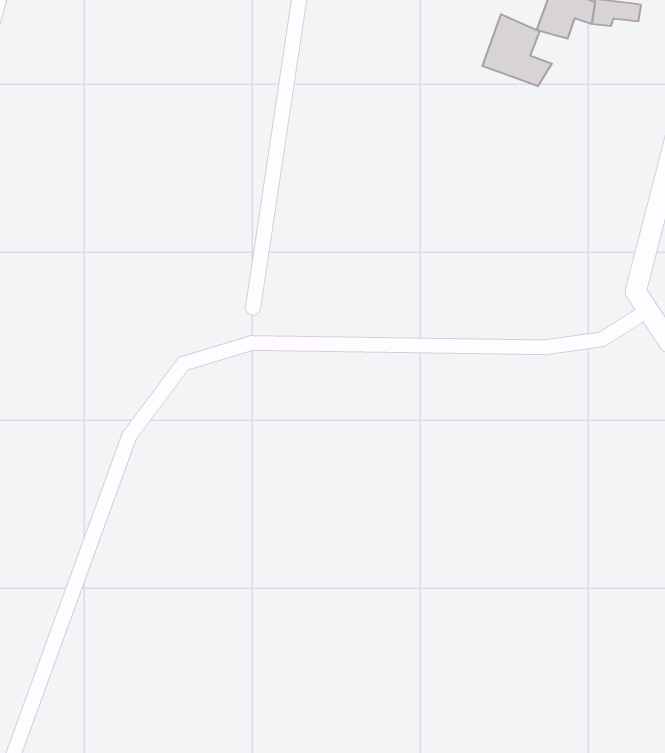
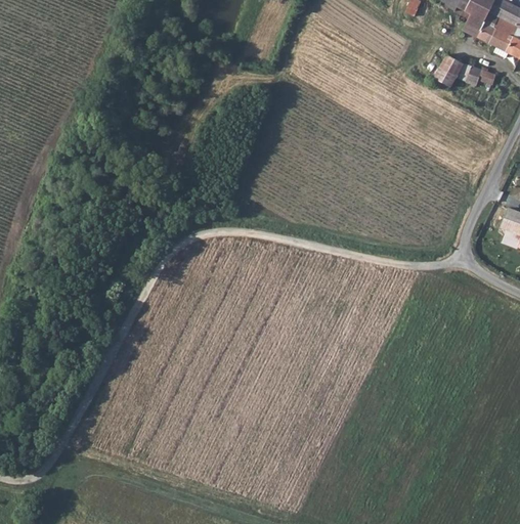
building: [482,14,552,86] -> none

